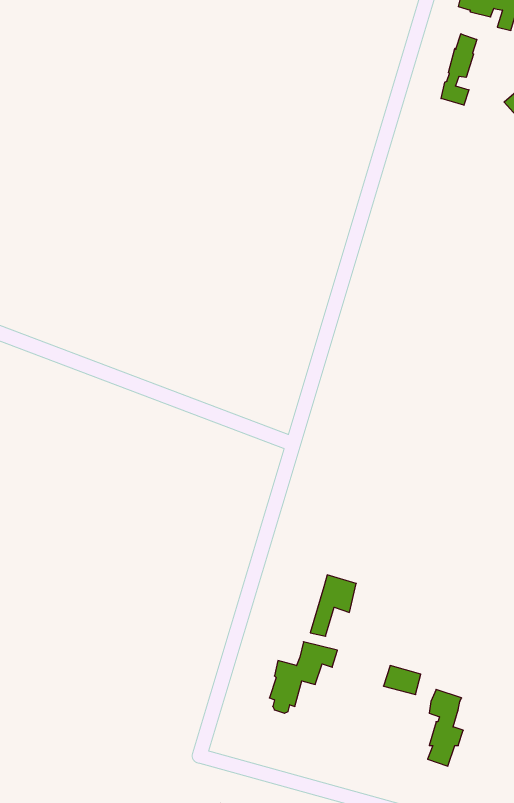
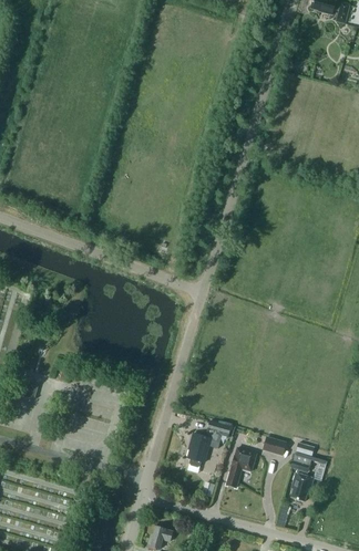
building: [441,34,477,105] -> none
building: [310,575,356,636] -> [225,448,255,488]

